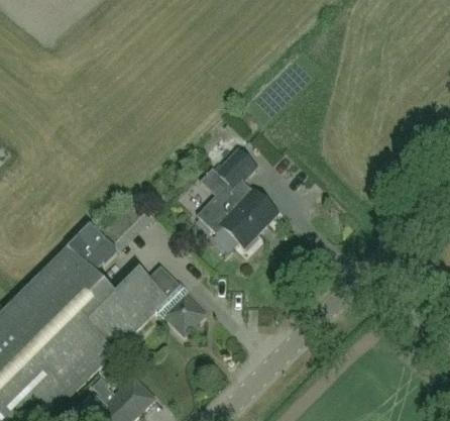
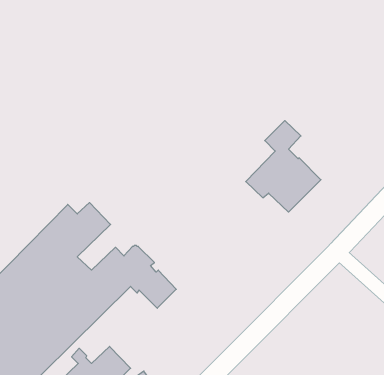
building: [197,148,276,245] -> [246,121,321,212]

